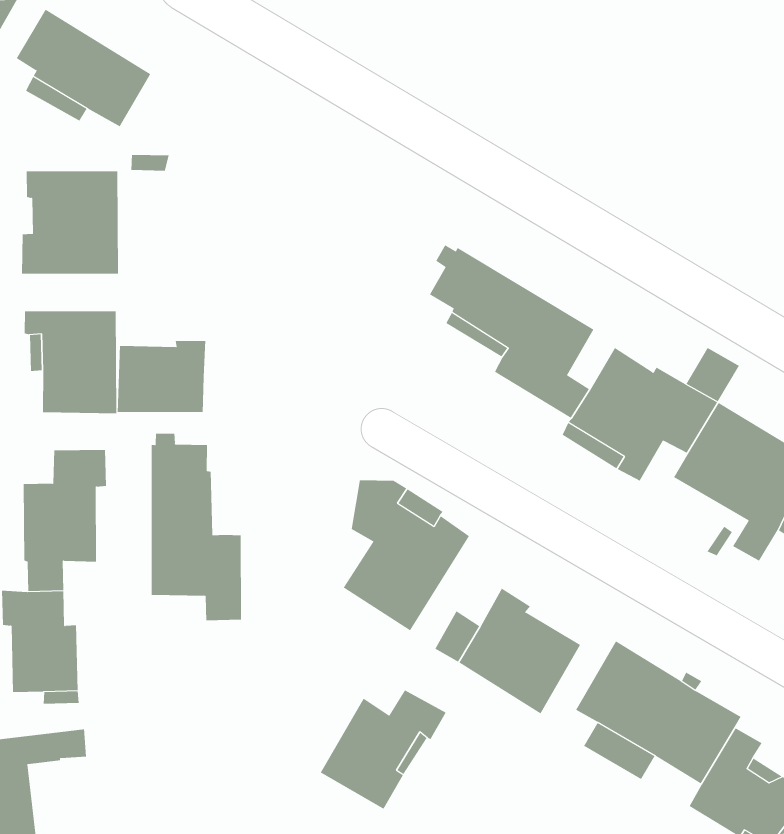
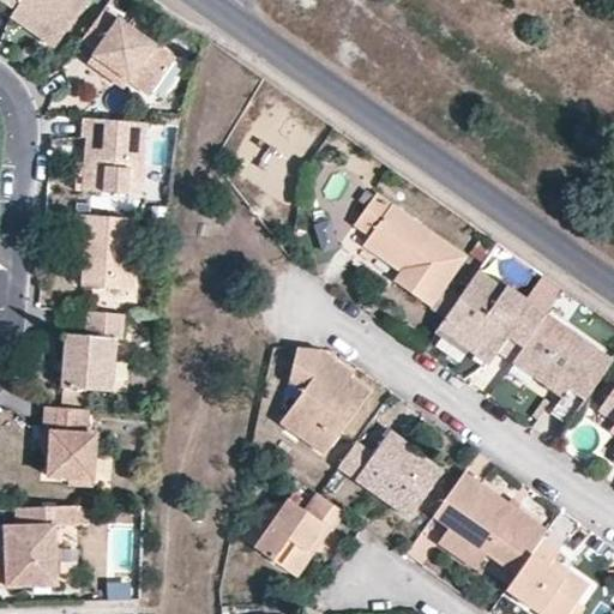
building: [117,340,206,413] -> none
building: [151,433,242,621] -> none

